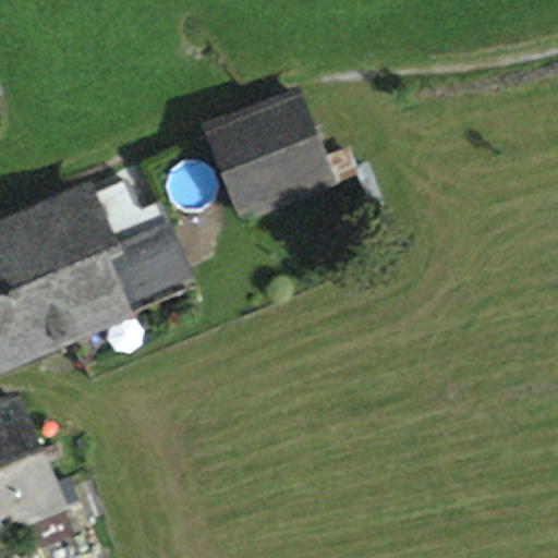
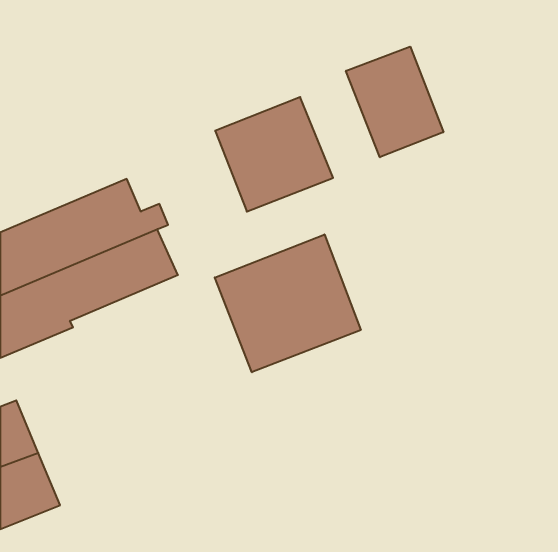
building: none -> [346,47,443,157]
building: none -> [215,234,361,372]

